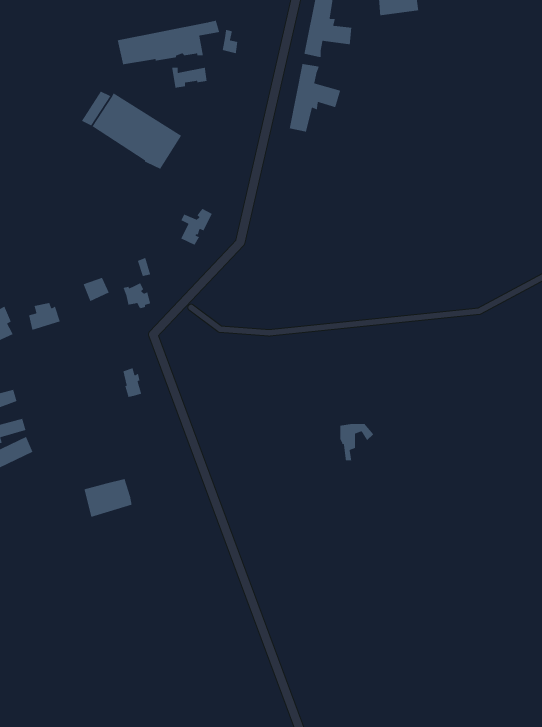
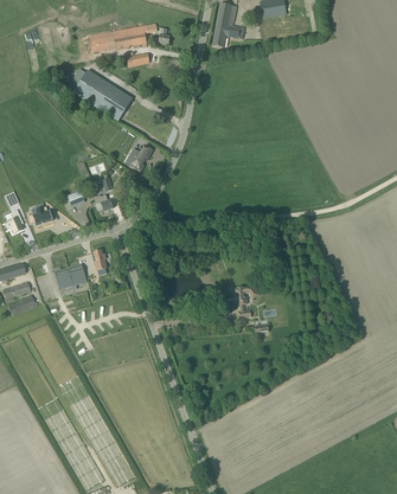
building: [289,63,341,132] -> none
building: [84,478,133,518] -> [55,264,87,290]

